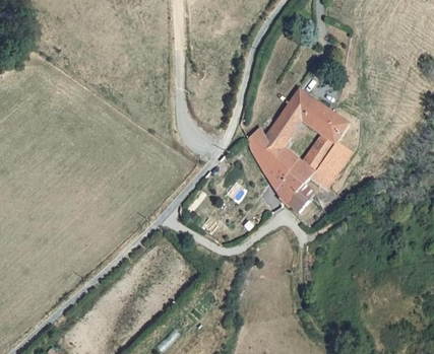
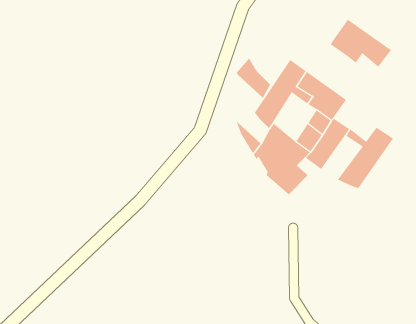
building: none -> [330,19,392,67]
building: [247,127,280,165] -> [236,57,271,99]
building: none -> [337,127,394,189]

